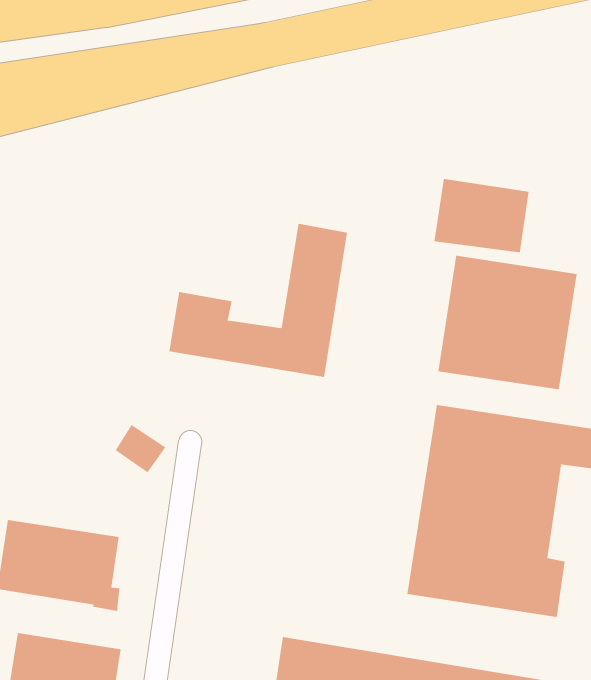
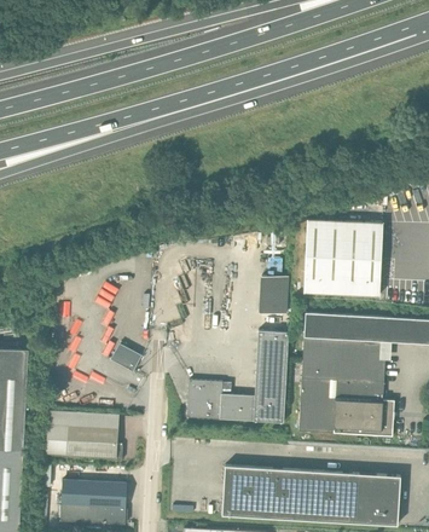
building: [434,178,529,253] -> none
building: [168,223,348,377] -> [186,330,289,423]
building: none -> [260,277,289,316]

